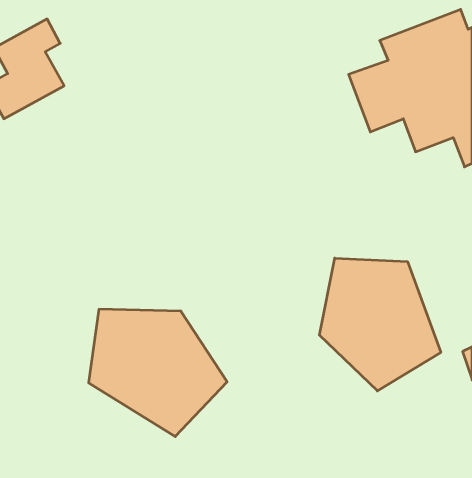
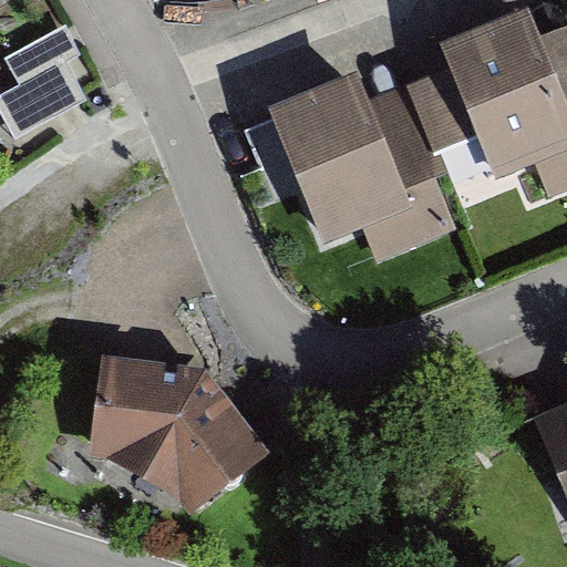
building: none -> [268,69,462,260]
building: [319,258,441,391] -> none

